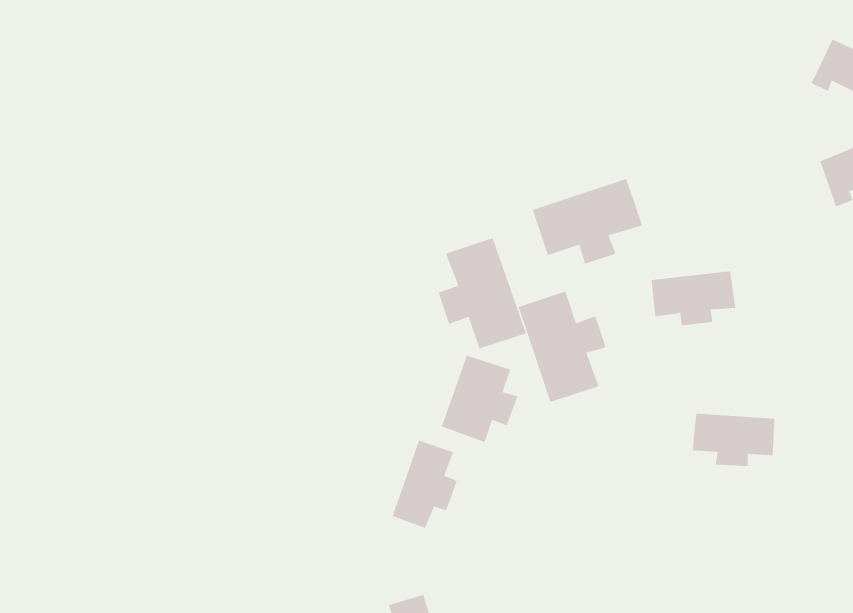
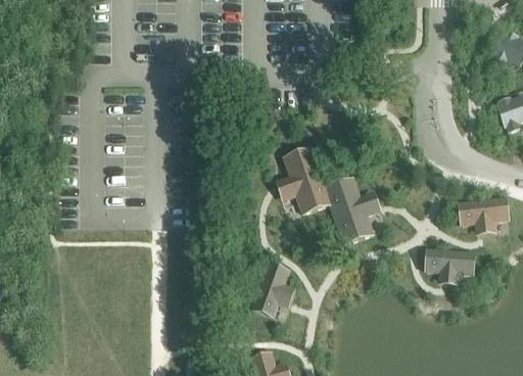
building: [532,178,643,265] -> none
building: [651,271,736,326] -> [460,198,509,230]
building: [441,355,518,443] -> none

